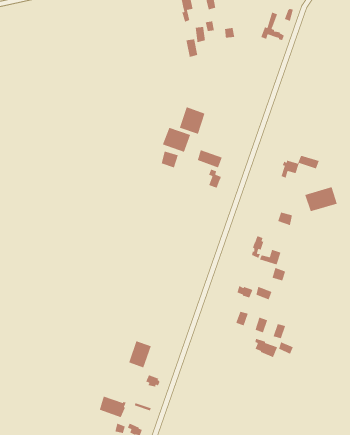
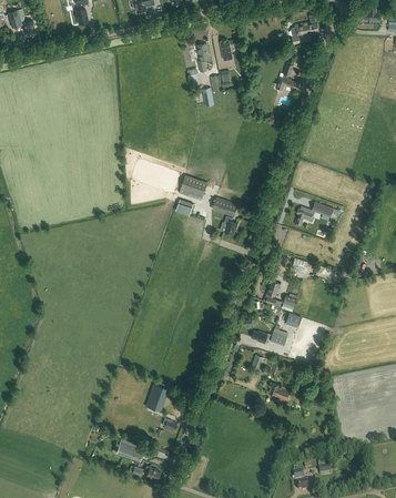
building: [179,106,206,135] -> none
building: [304,186,338,212] -> none

